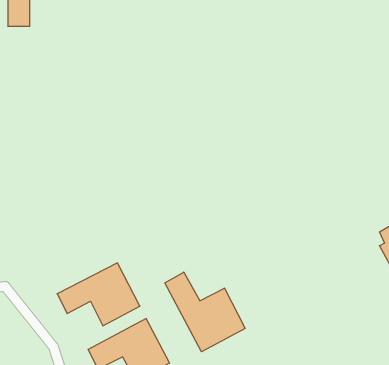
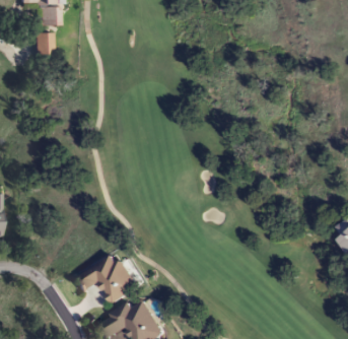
building: [165,272,245,352] -> none

